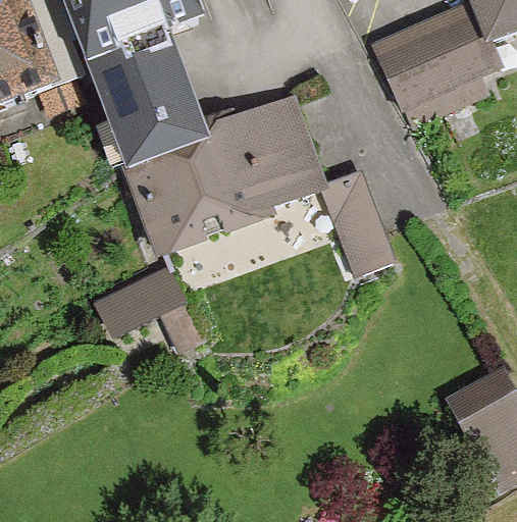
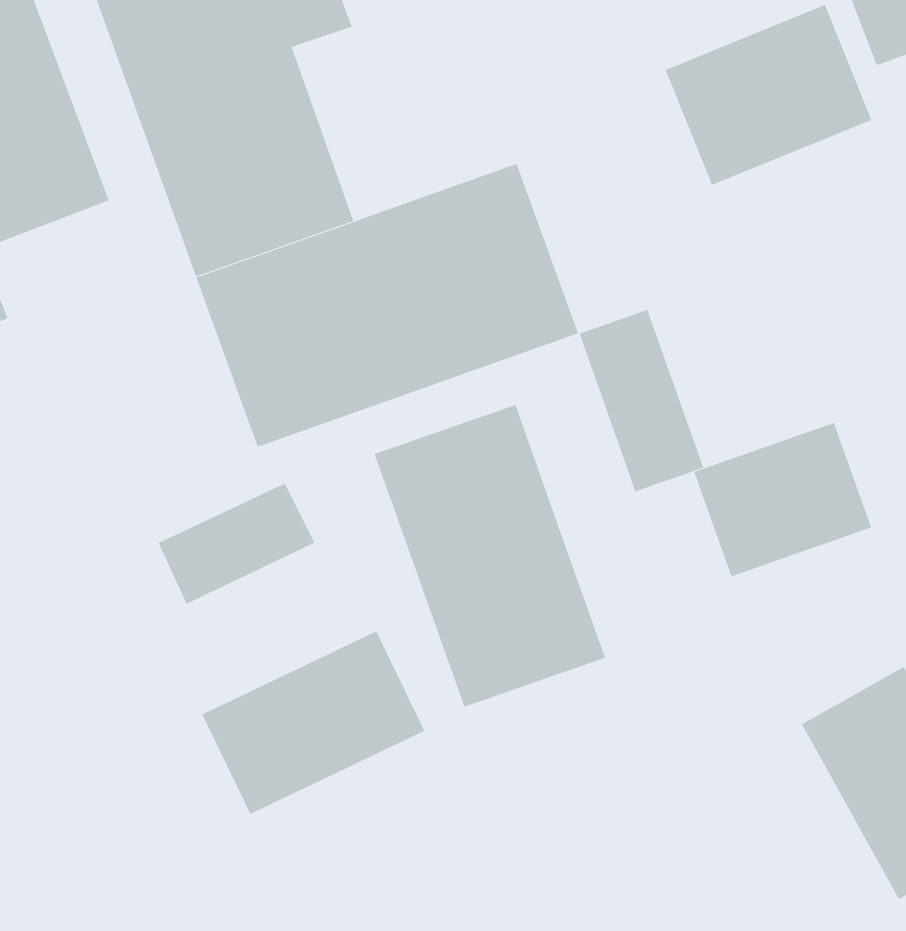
building: none -> [374,404,606,707]
building: none -> [694,422,872,577]
building: none -> [202,631,425,815]

